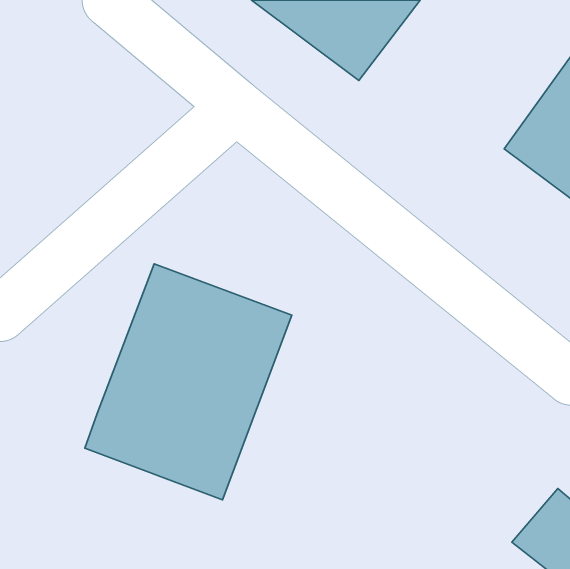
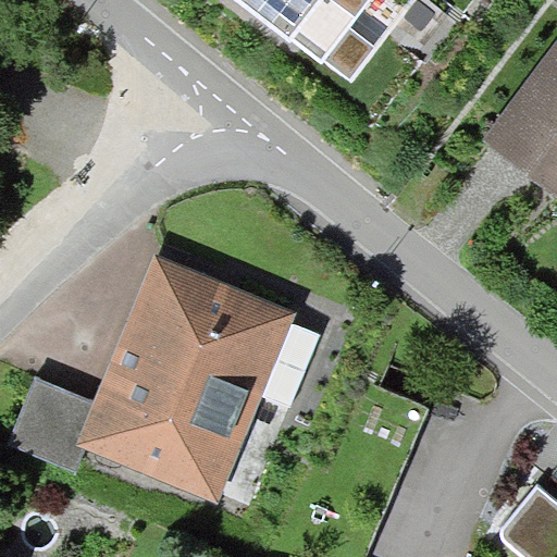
building: none -> [14,382,96,465]

